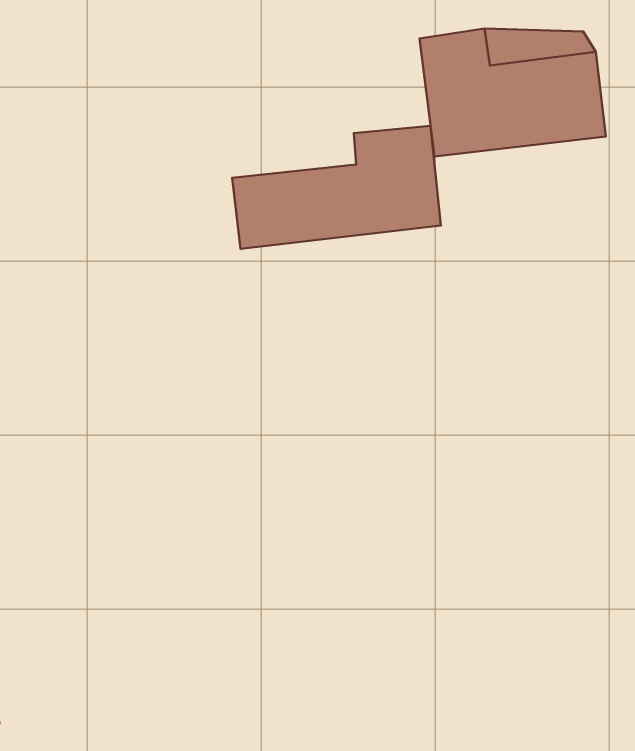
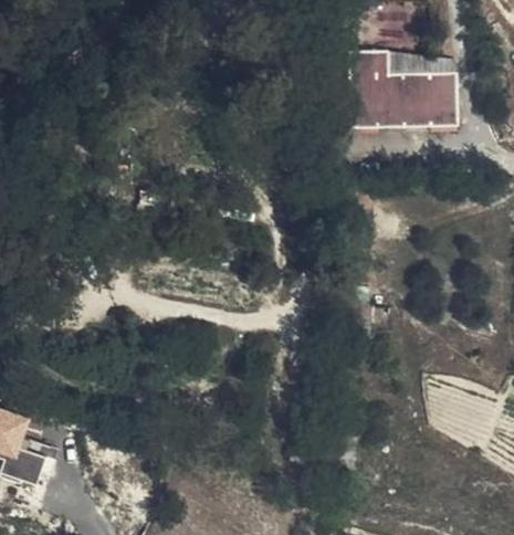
building: [232,126,441,249] -> none

